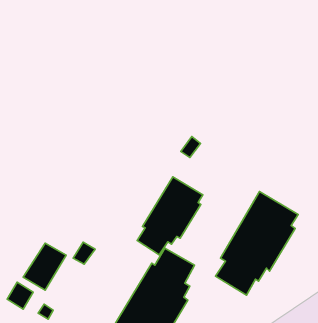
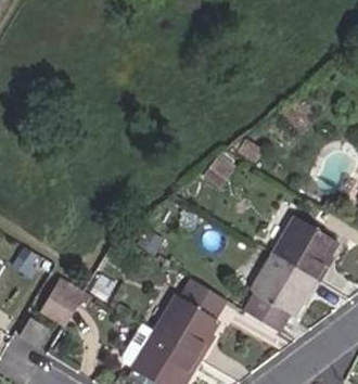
building: [137,177,203,255] -> none

